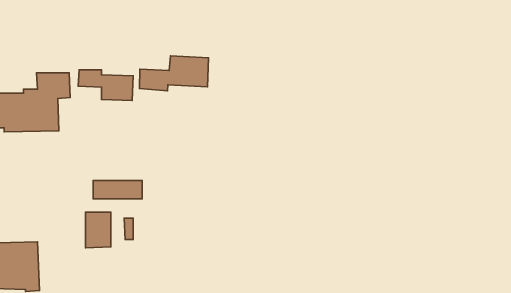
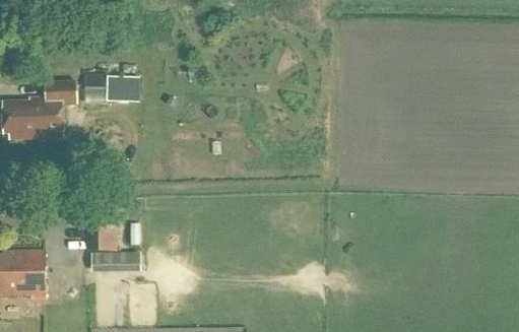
building: [139,56,209,91] -> none
building: [93,181,142,199] -> [91,254,140,272]

